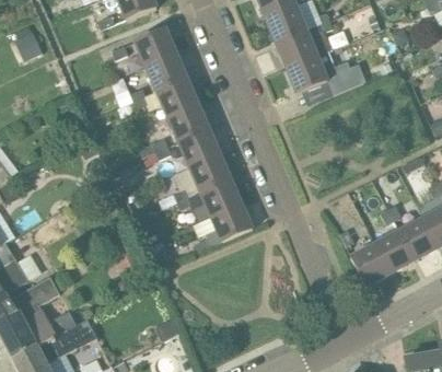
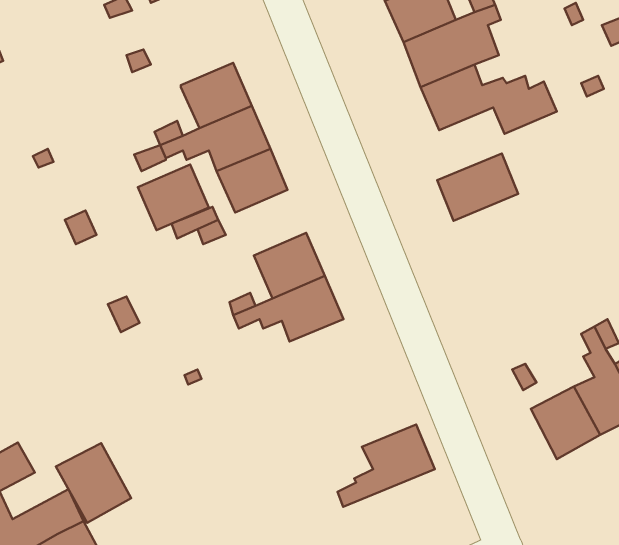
building: [135,26,176,66] -> none
building: none -> [437,154,518,221]
building: [177,127,219,165] -> [138,165,209,230]
building: [195,202,252,251] -> [337,424,435,507]
building: none -> [56,443,131,523]

